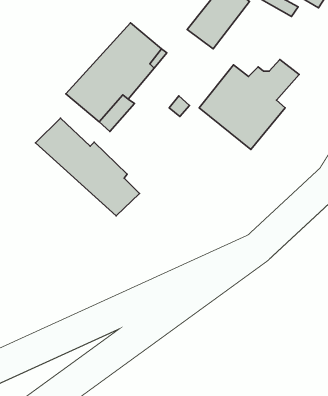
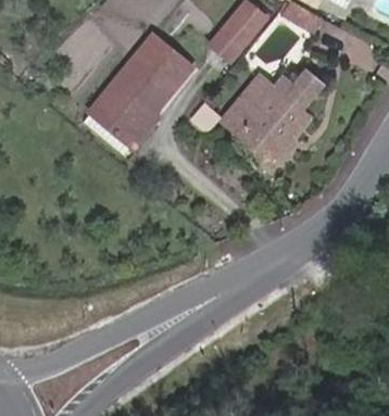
building: [36,118,140,216] -> none

